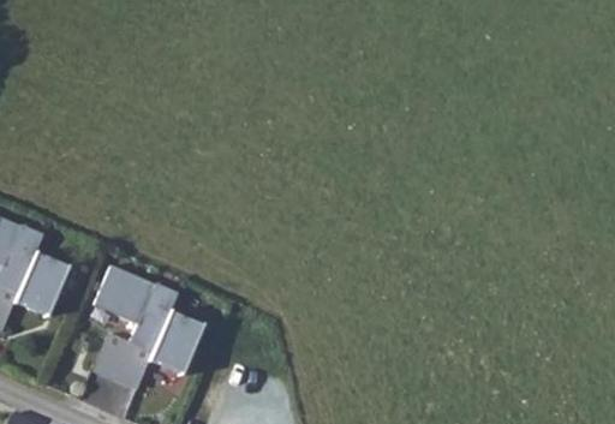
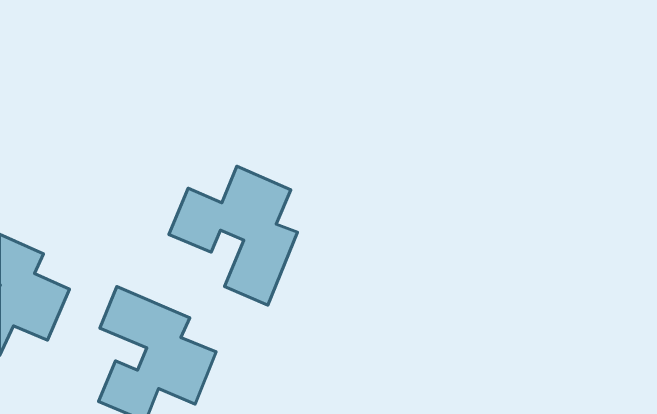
building: none -> [169,166,297,305]

